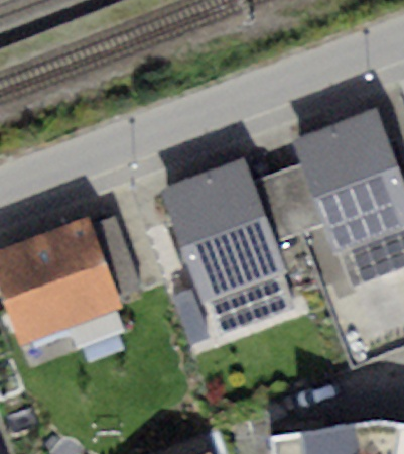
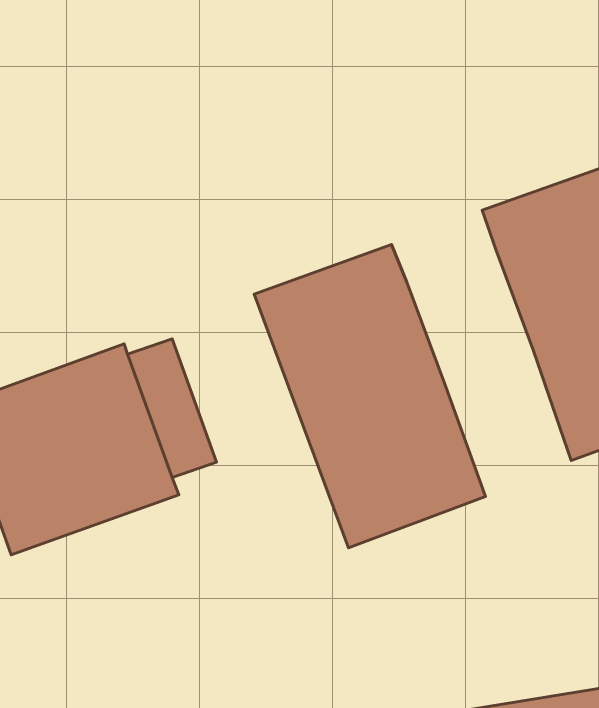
building: [251,163,325,242] -> none

